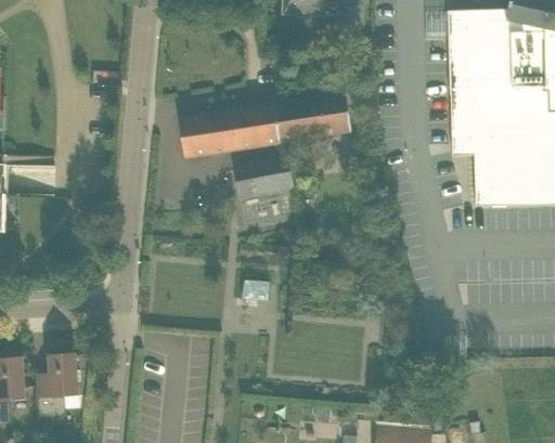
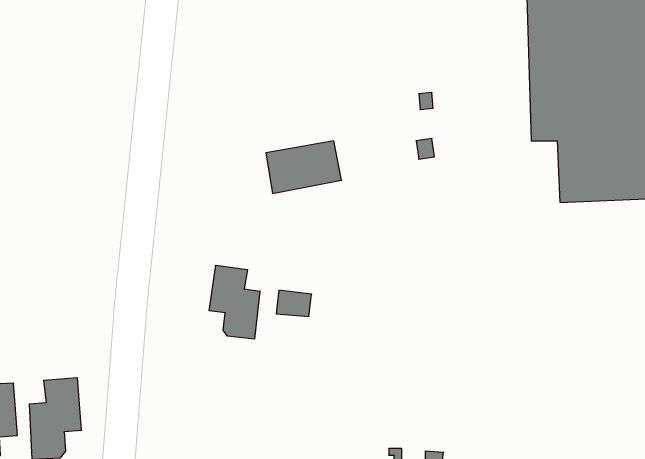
building: [179,92,351,156] -> none
building: none -> [209,265,260,339]

